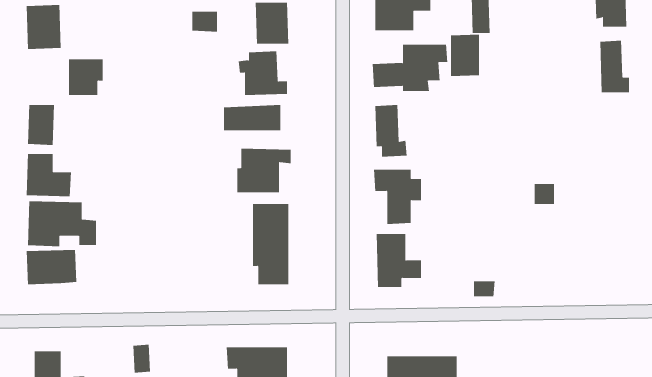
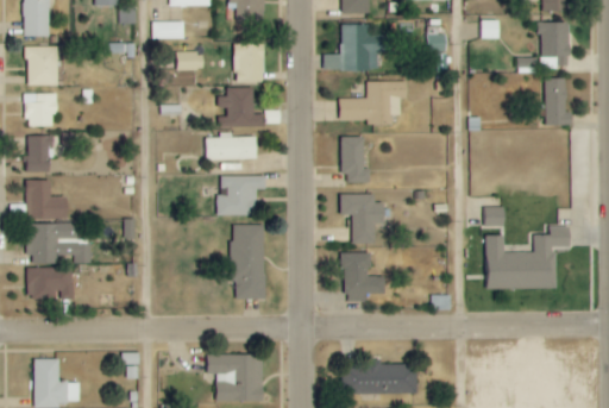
building: [451,34,480,77] -> none
building: [68,59,104,96] -> [25,93,57,126]
building: none -> [488,226,570,288]

